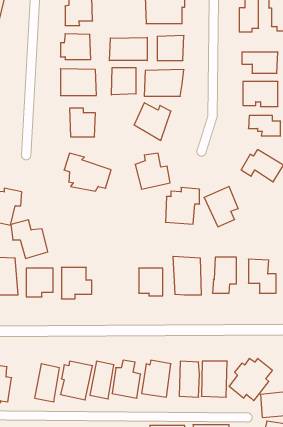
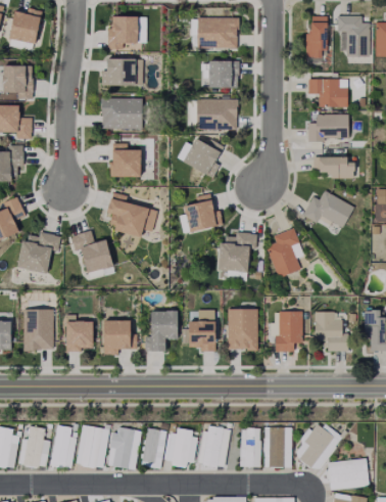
building: [109,37,147,61] -> none
building: [111,68,136,95] -> none
building: [11,220,48,258] -> [73,230,113,273]
building: none -> [144,309,180,353]
building: none -> [50,427,76,470]

